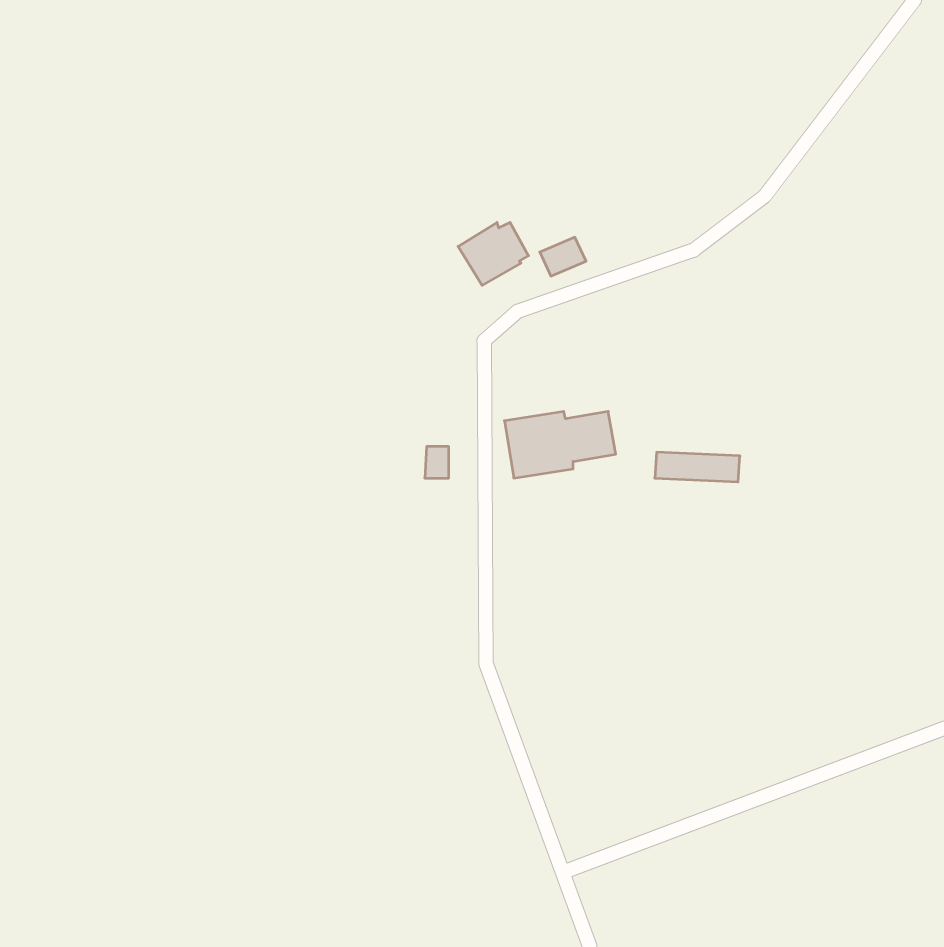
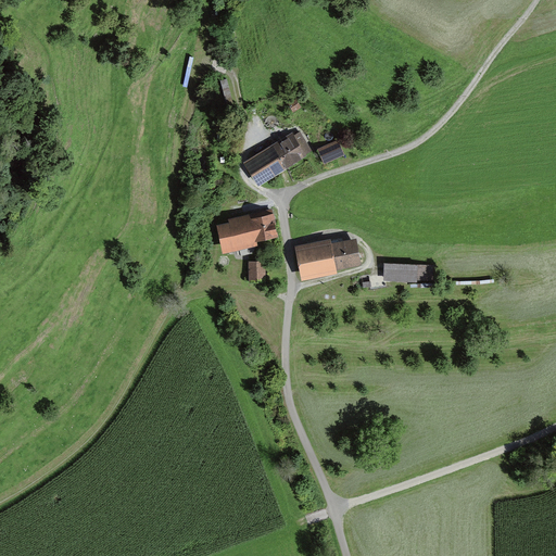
building: none -> [242,144,282,184]
building: none -> [216,214,278,254]

